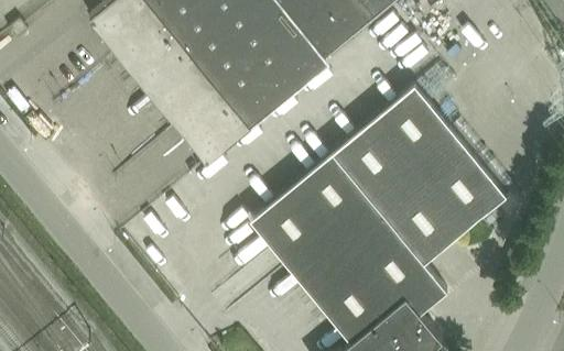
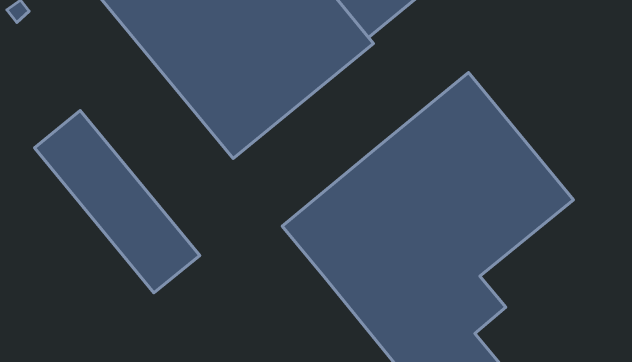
building: none -> [34,110,200,293]

